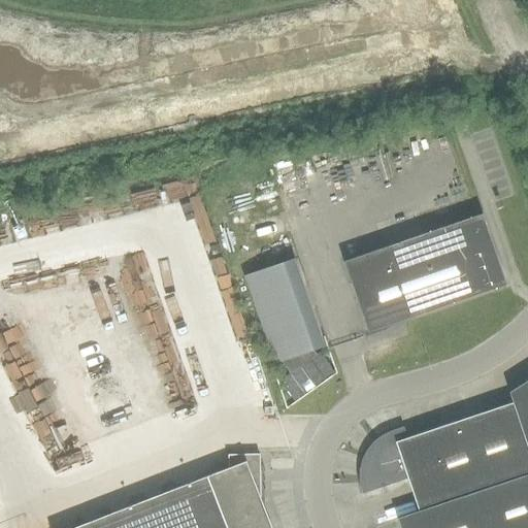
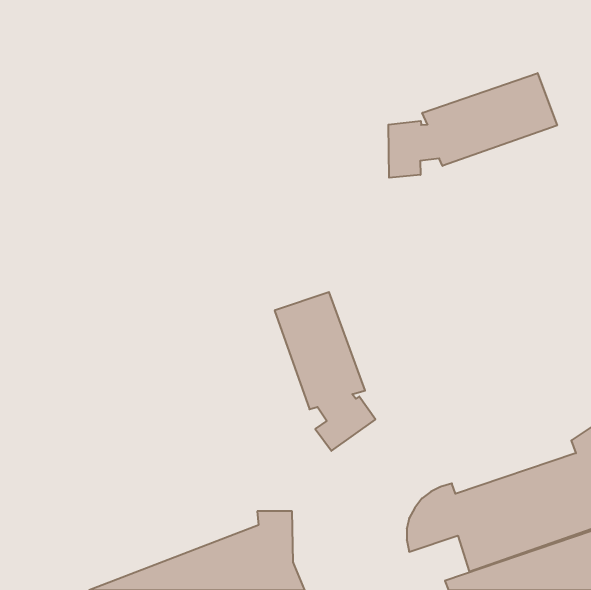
building: none -> [388,73,557,178]
building: [344,214,507,333] -> none

